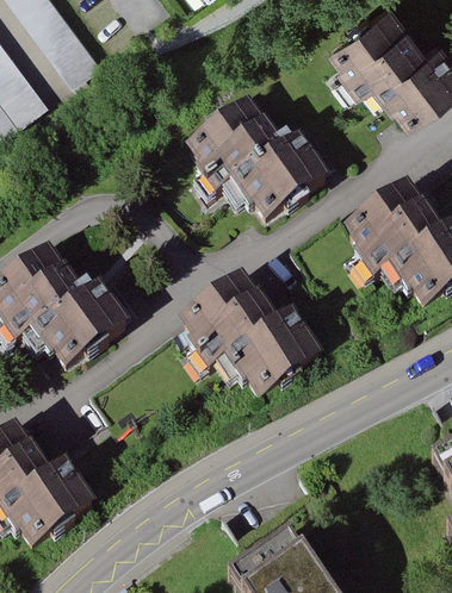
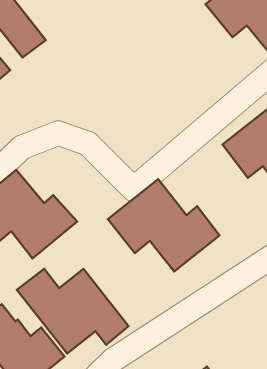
building: [178,98,326,220] -> none
building: none -> [17,269,129,353]

